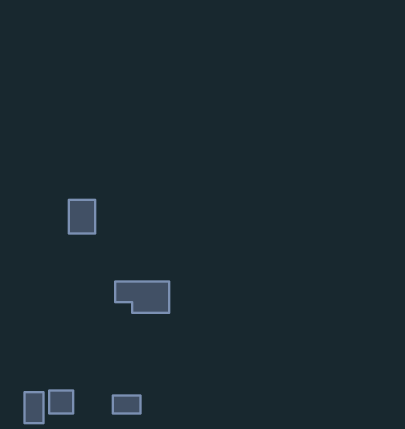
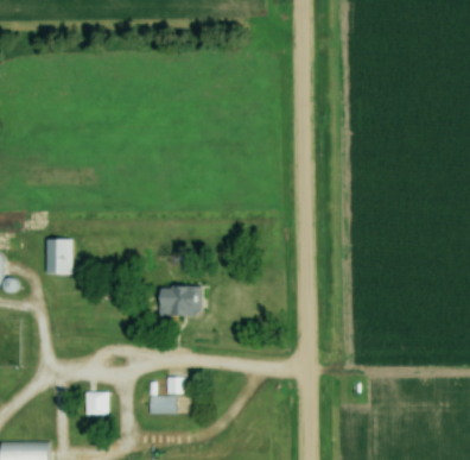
building: [69,200,95,233] -> [46,238,72,271]
building: [24,392,44,423] -> none

